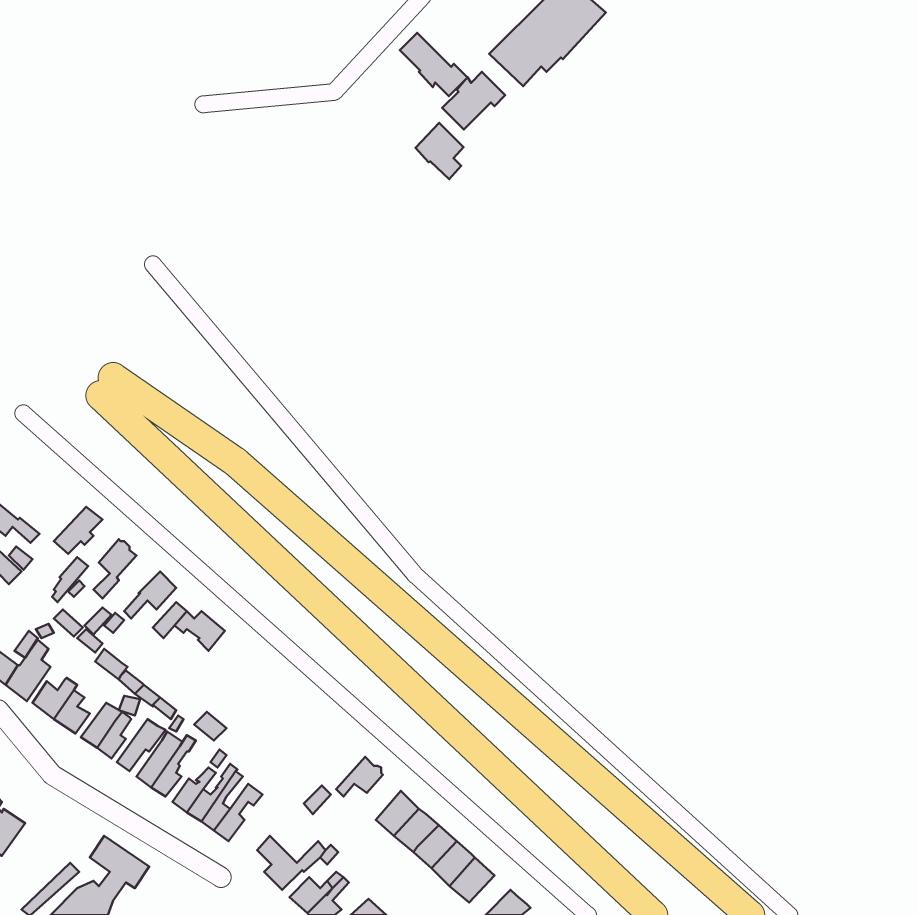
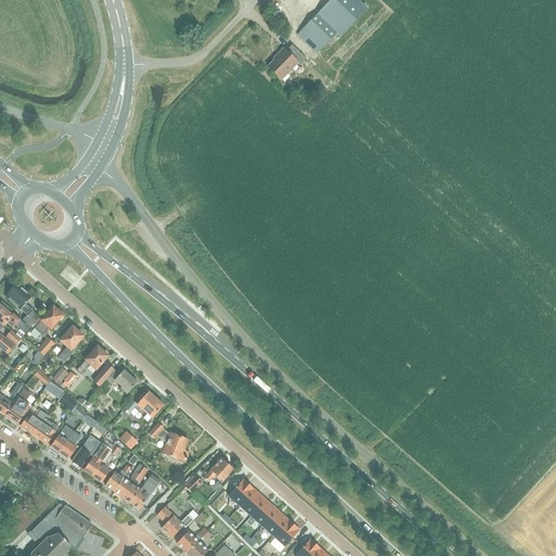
building: [400,33,467,96] -> none
building: [416,123,463,179] -> none
building: none -> [4,283,39,326]
building: none -> [123,391,162,417]
building: none -> [149,421,187,460]

